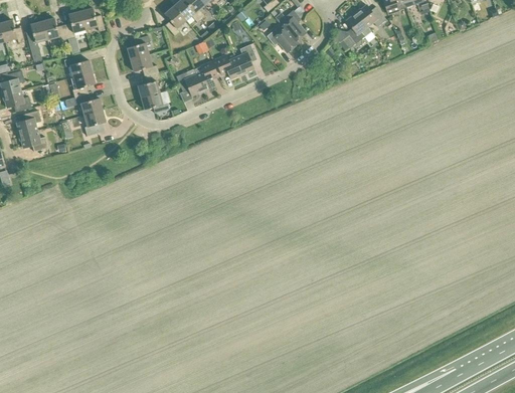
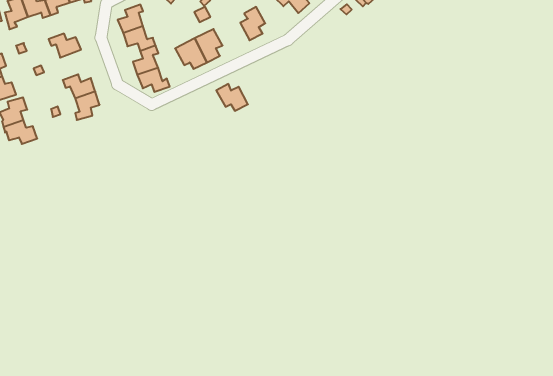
building: [214,54,241,78] -> [216,84,248,111]
building: [71,71,95,97] -> none

